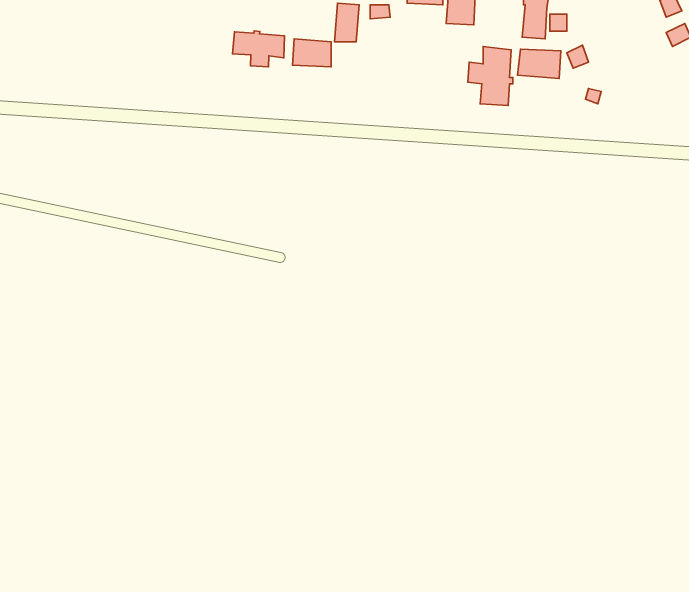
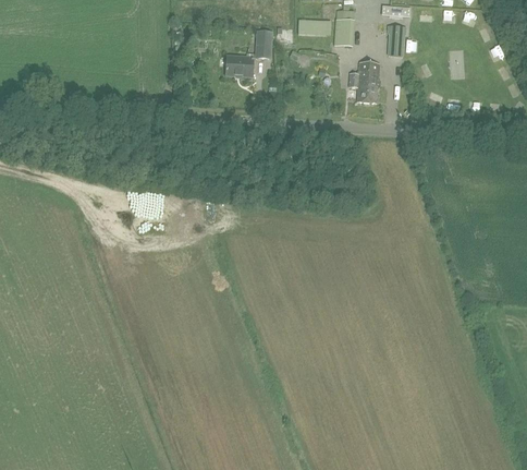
building: [233,31,284,67] -> none
building: [517,49,561,79] -> none

